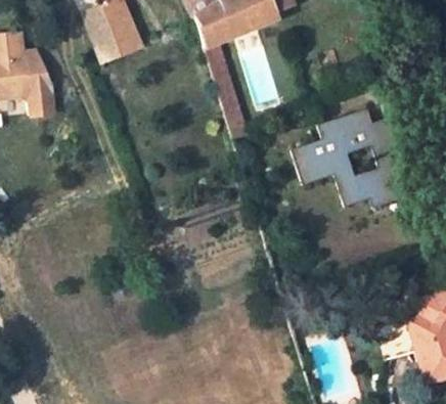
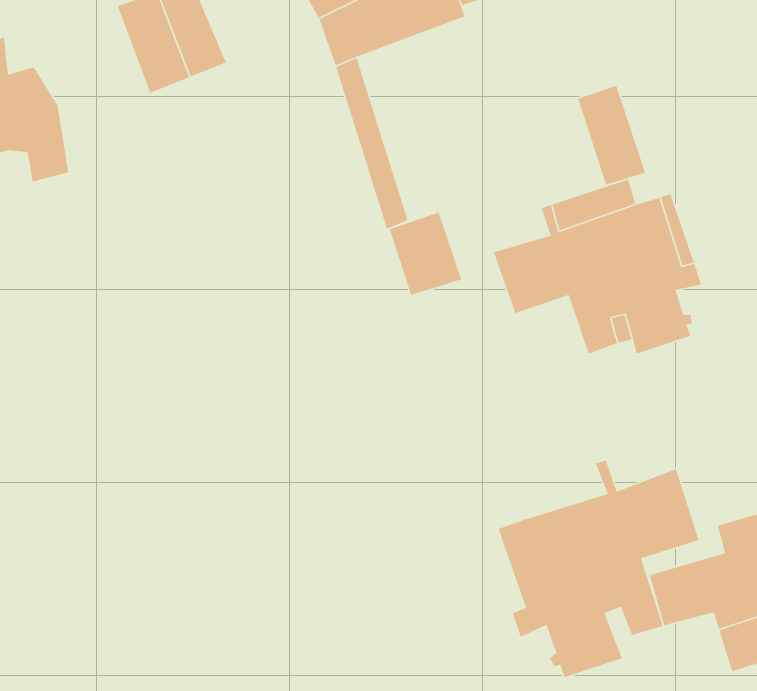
building: none -> [577,85,646,185]
building: none -> [389,212,462,296]
building: none -> [498,459,699,678]

